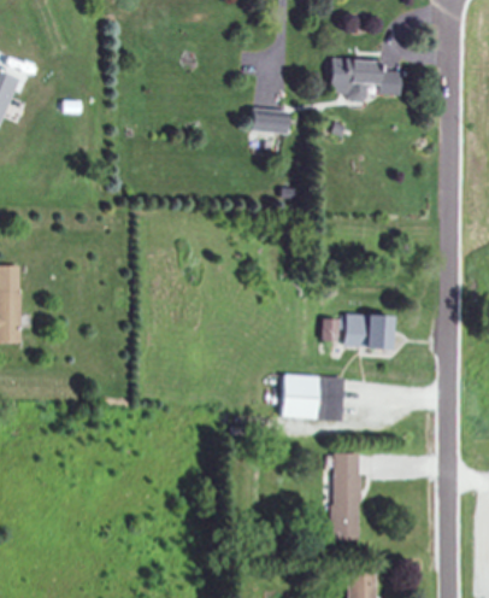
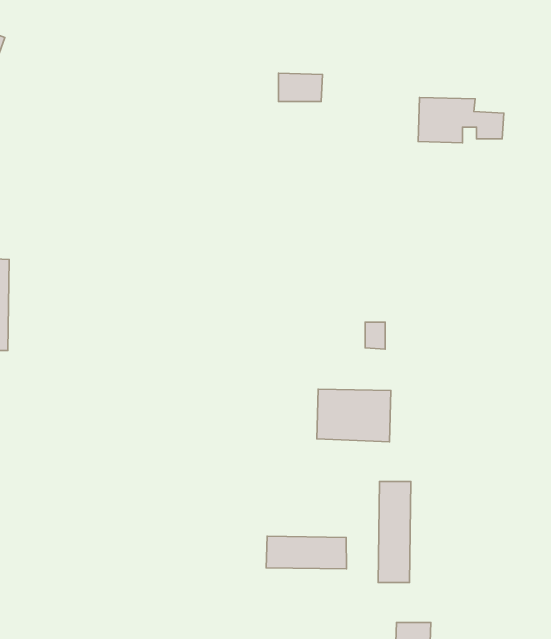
building: [329,58,401,96] -> [418,97,504,143]
building: [344,313,390,348] -> none
building: none -> [266,536,346,569]

